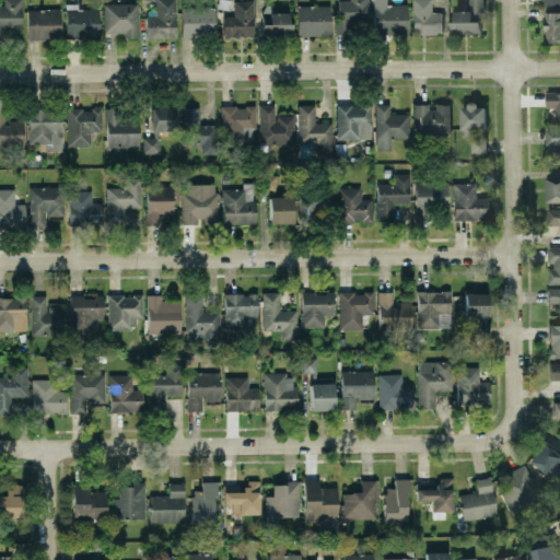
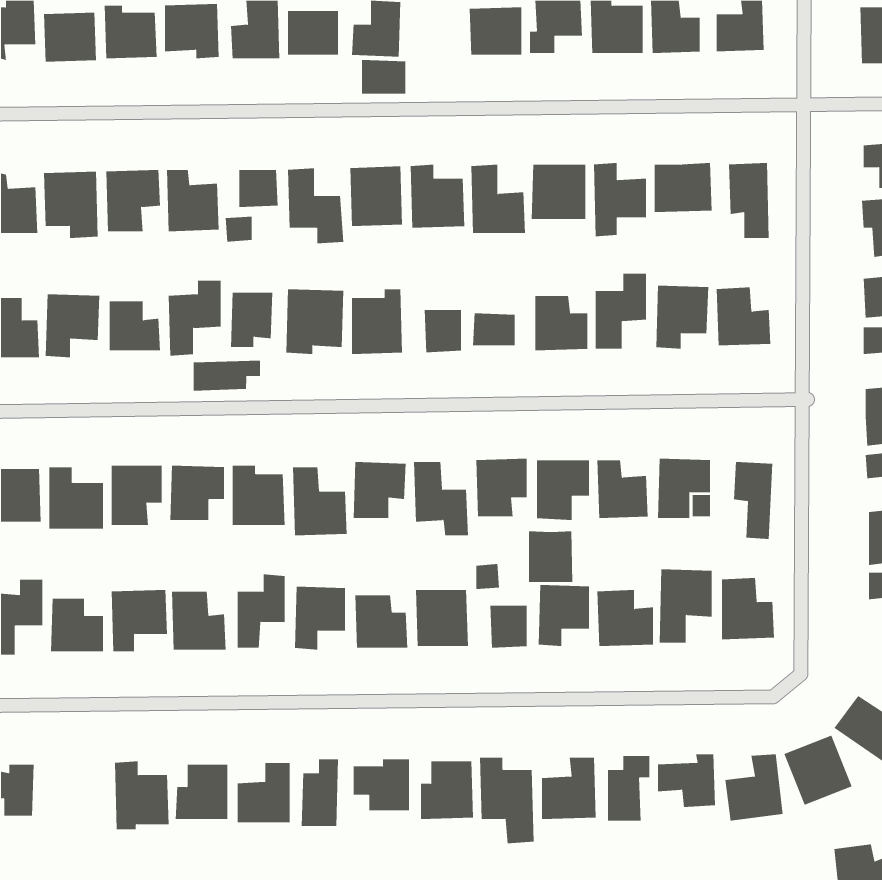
building: [262,14,291,36] -> [361,60,406,94]
building: none -> [193,360,261,391]
building: none -> [528,530,573,583]

